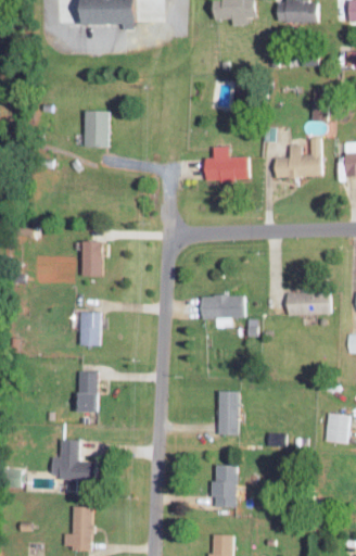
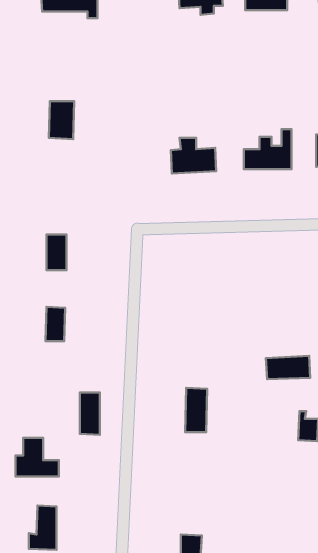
building: [287,292,330,315] -> [266,356,310,379]
building: [202,295,244,328] -> none
building: [77,371,97,413] -> [80,393,100,435]
building: [212,466,237,507] -> none

